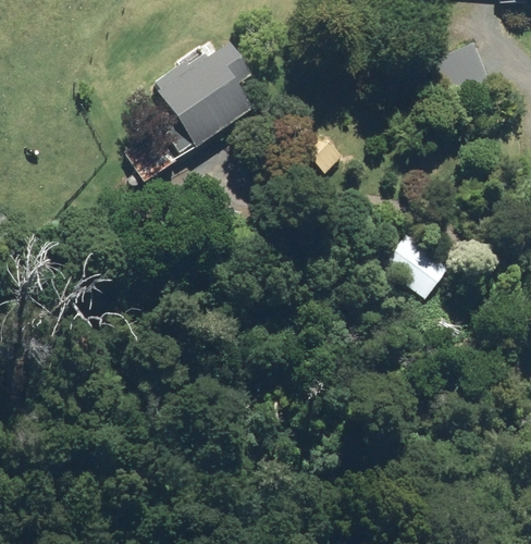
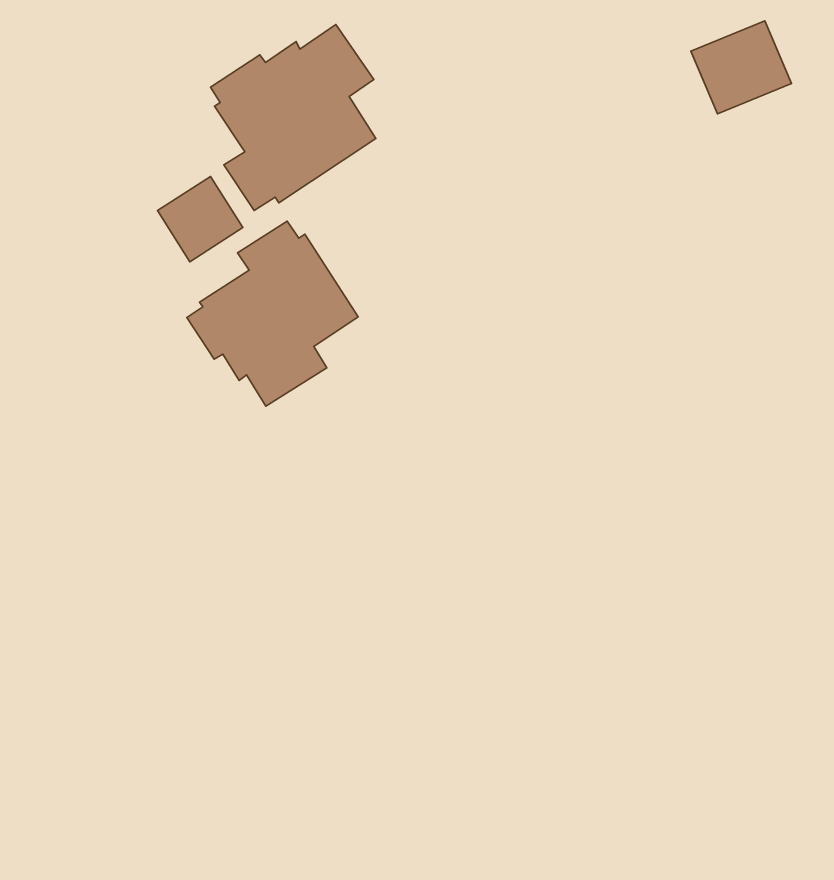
building: none -> [187,221,358,406]
building: [386,232,448,292] -> none

